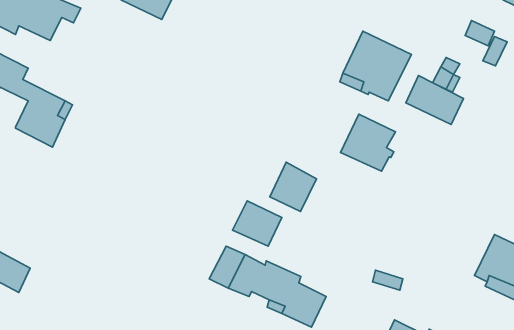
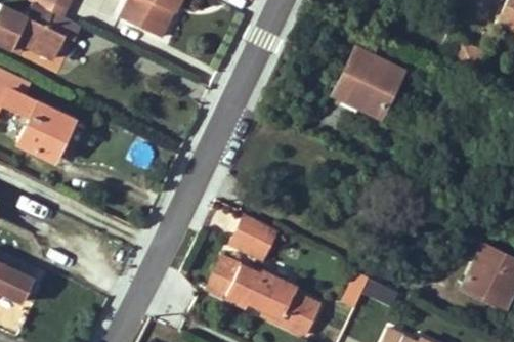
building: [406,76,463,124] -> none
building: [340,114,395,171] -> none
building: [270,162,316,212] -> none

